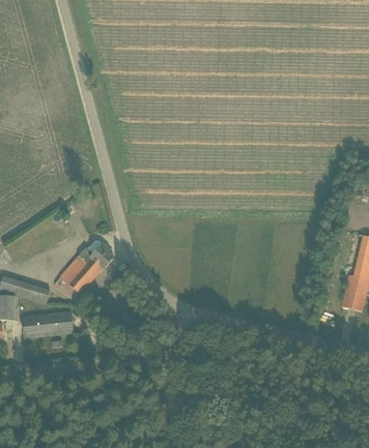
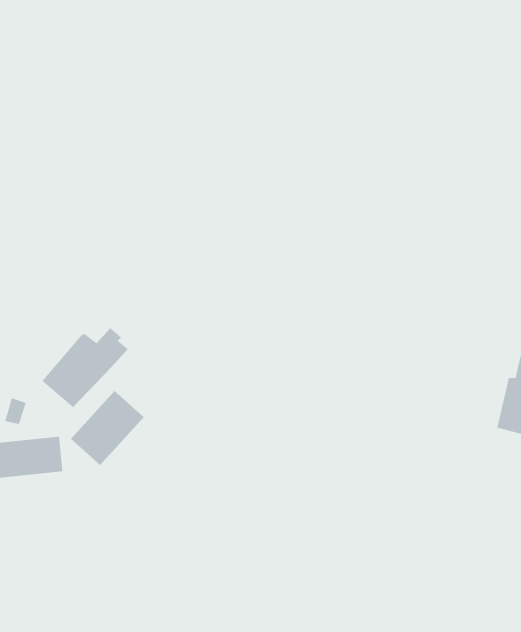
building: none -> [70,390,145,466]

